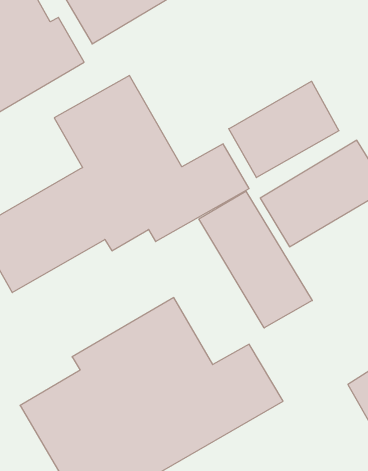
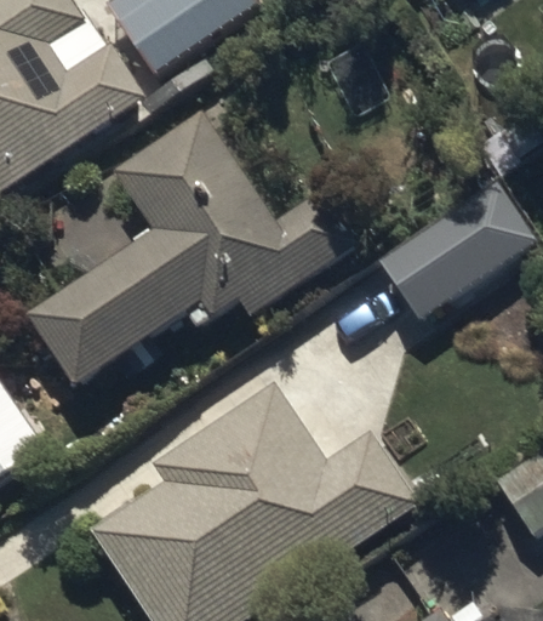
building: [229,81,339,178] -> none
building: [199,191,312,328] -> none

